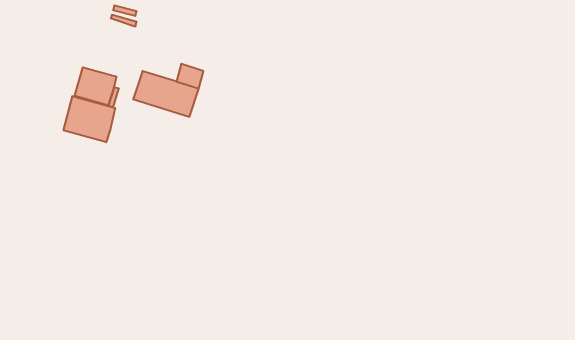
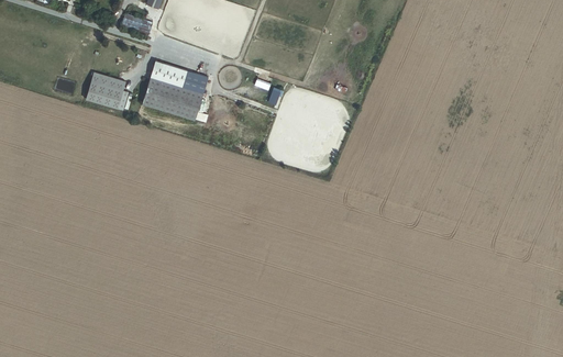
building: none -> [151,62,187,87]
building: [64,96,115,142] -> none

